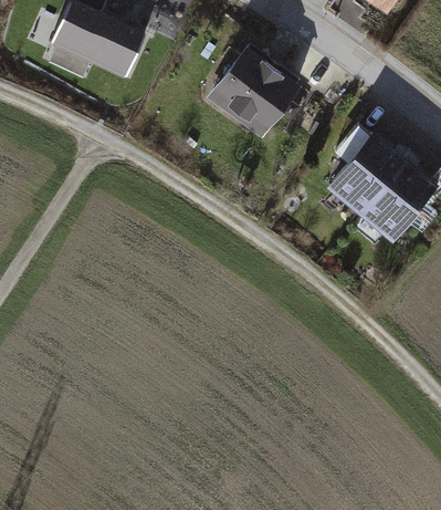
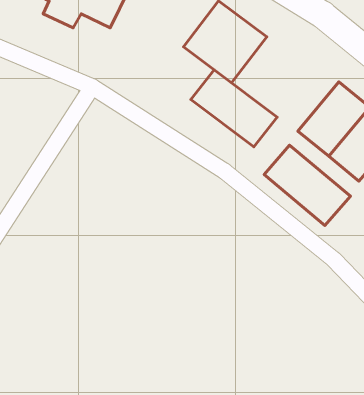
building: none -> [191,70,277,147]
building: none -> [264,145,351,225]

